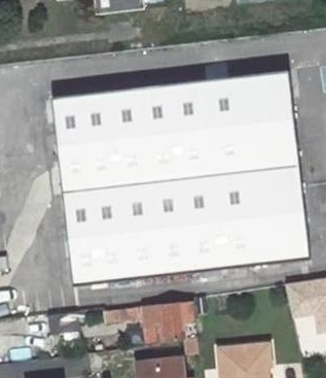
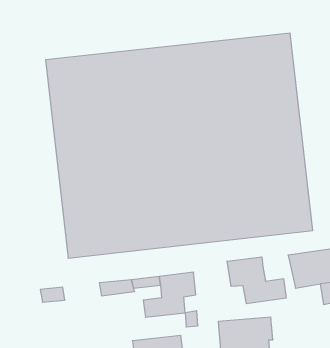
building: none -> [227,257,286,304]

